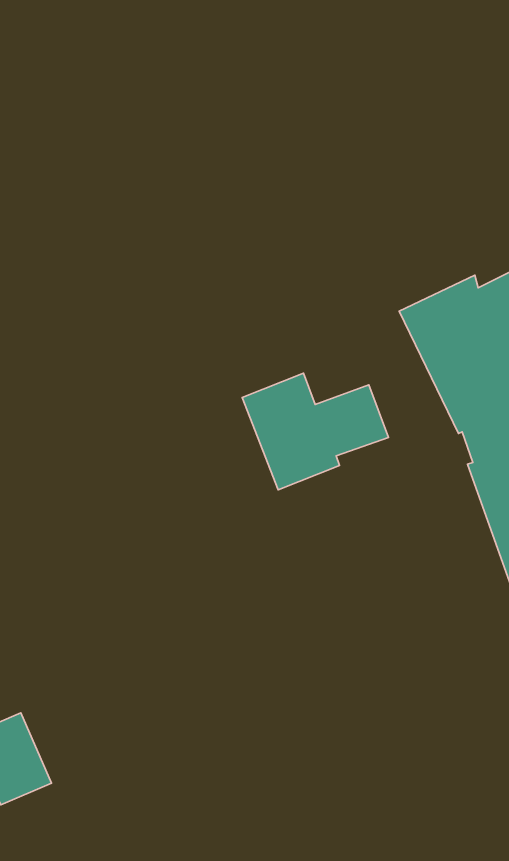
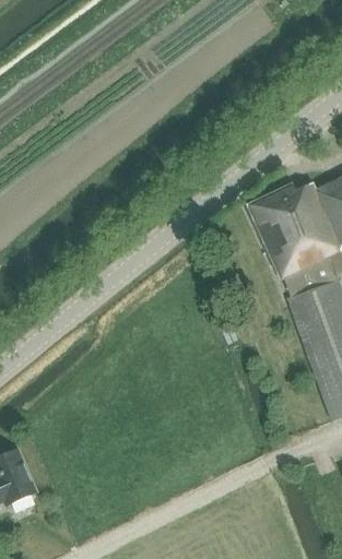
building: [242,373,389,490] -> none

